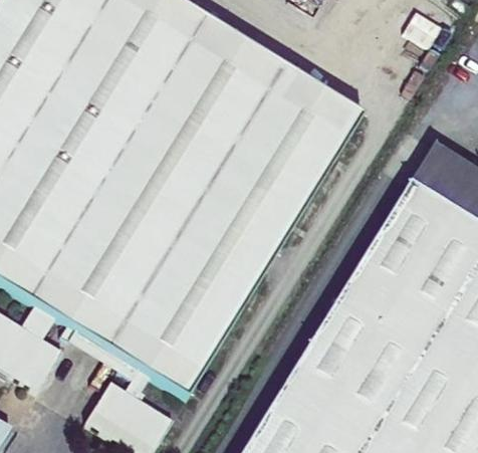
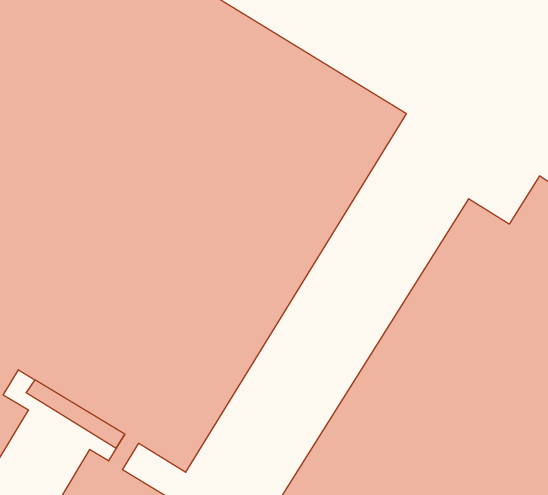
building: [412,141,468,199] -> none

